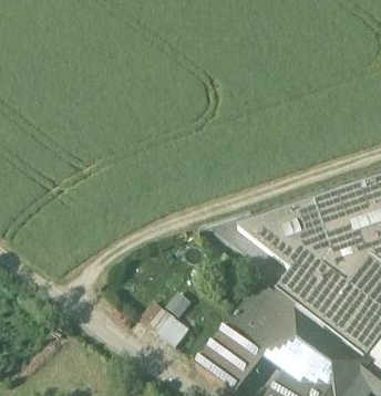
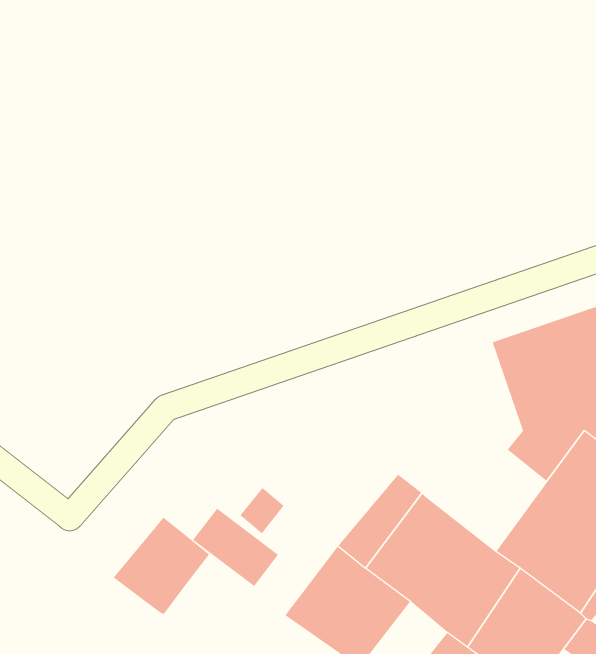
building: [238,202,346,325] -> none
building: none -> [113,517,210,615]

